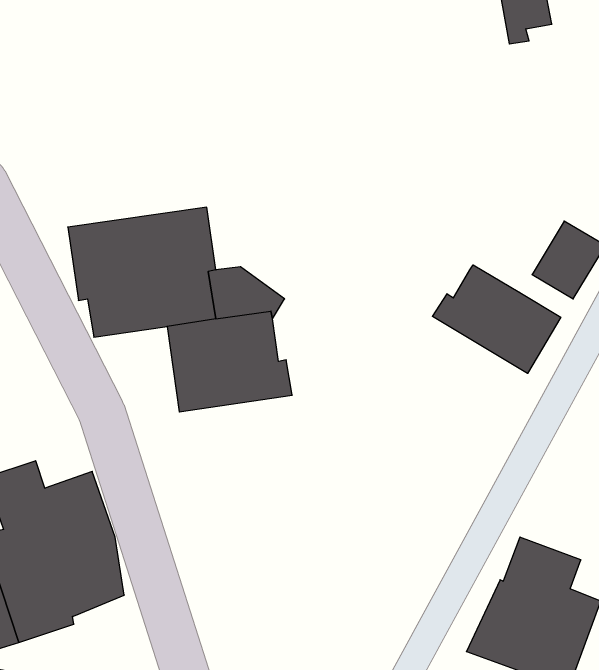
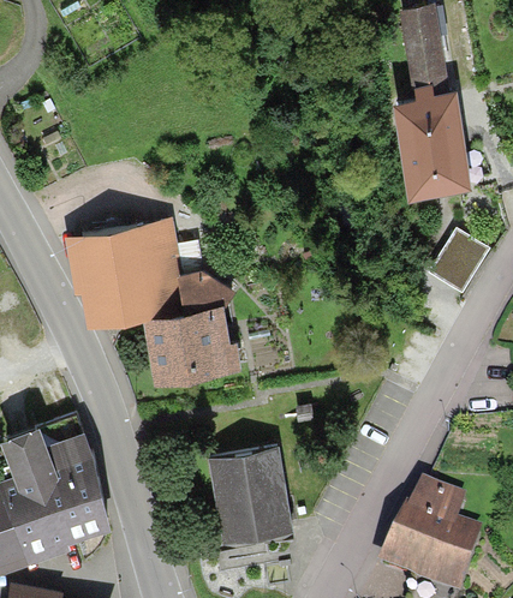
building: none -> [393,83,471,191]
building: [432,265,561,373] -> none
building: none -> [207,445,291,543]

